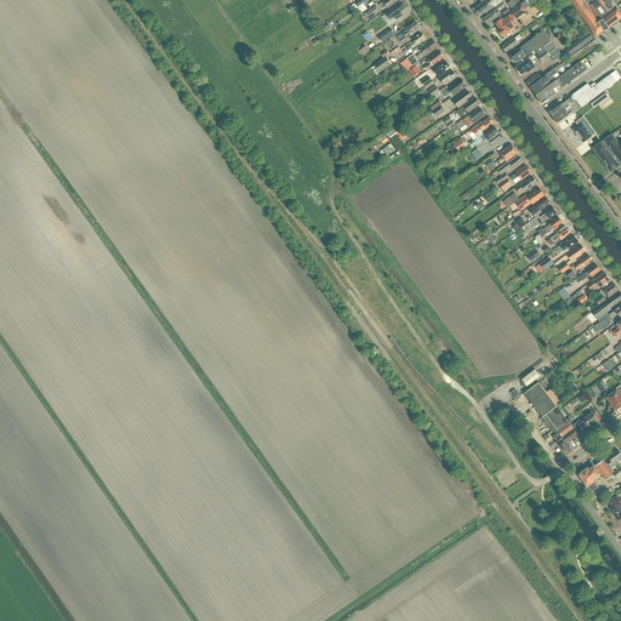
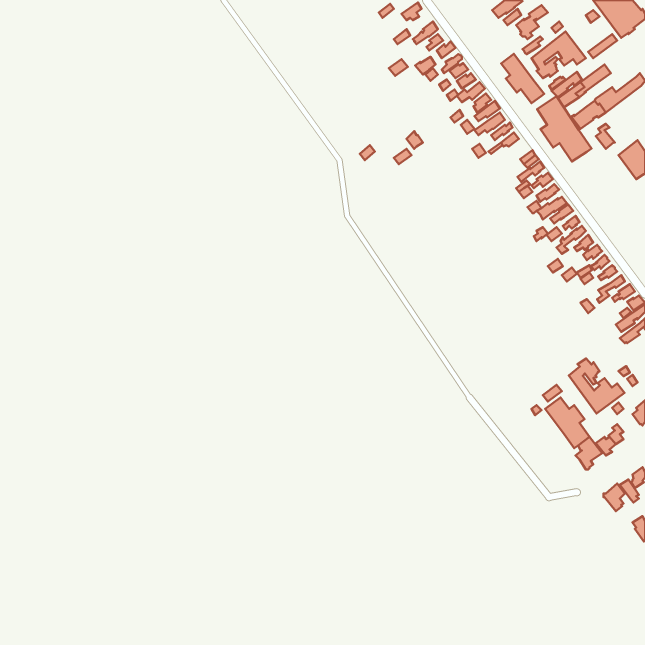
building: none -> [501,54,544,103]
building: none -> [537,96,591,161]
building: none -> [569,359,624,414]

